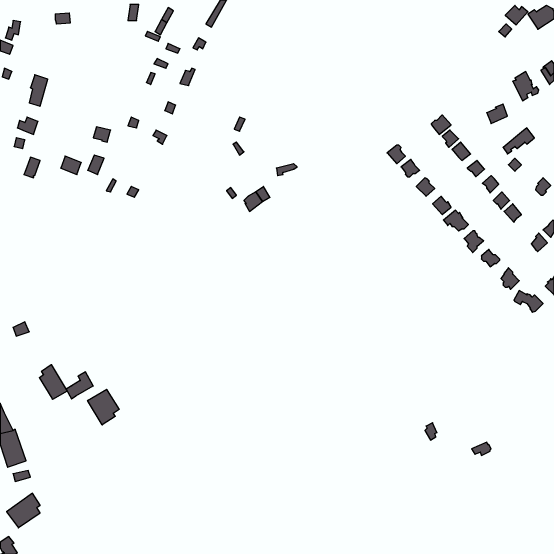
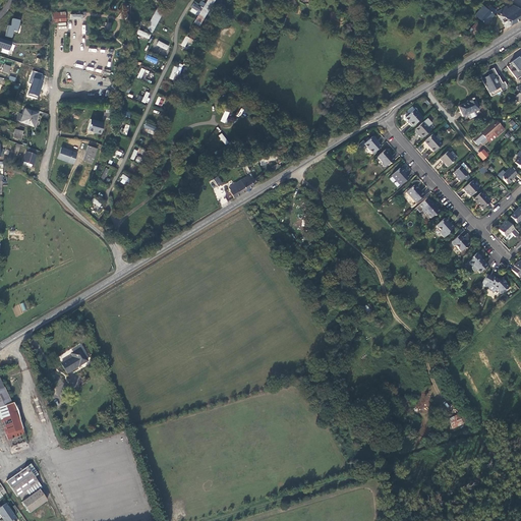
building: [39,365,67,399] -> none
building: [88,389,119,425] -> none
building: none -> [18,481,46,511]

